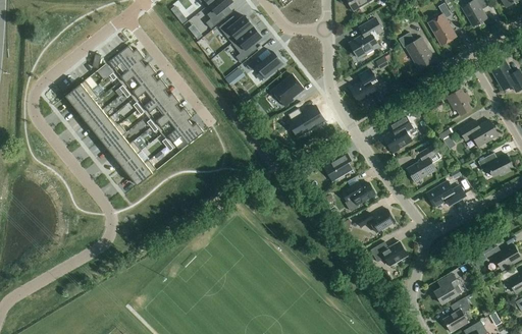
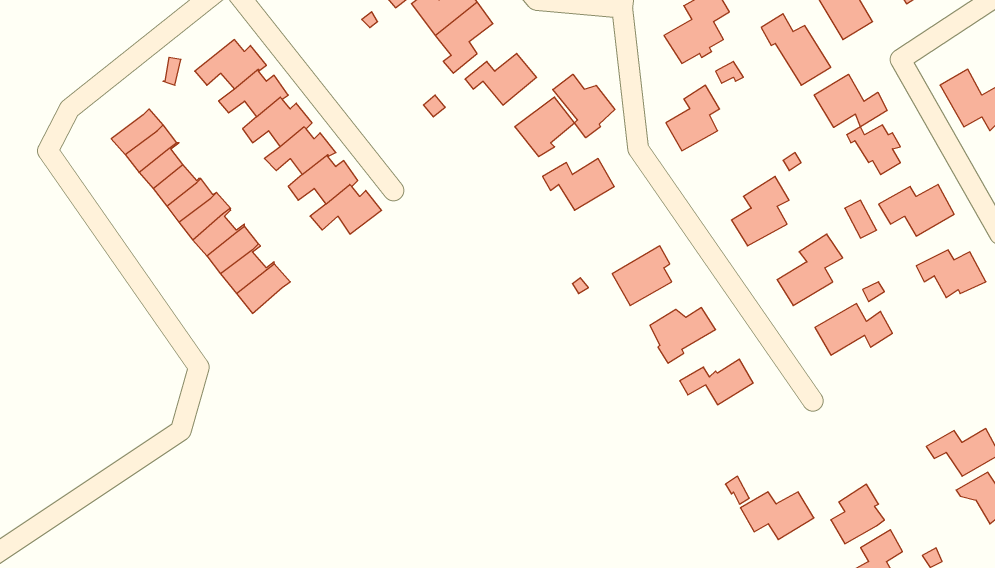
building: none -> [553,74,615,138]
building: none -> [814,74,887,127]
building: [370,241,408,266] -> [740,492,814,540]

